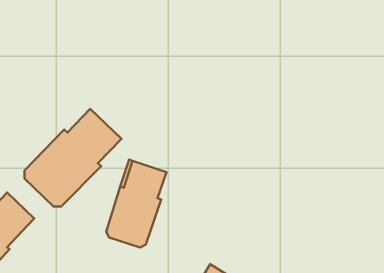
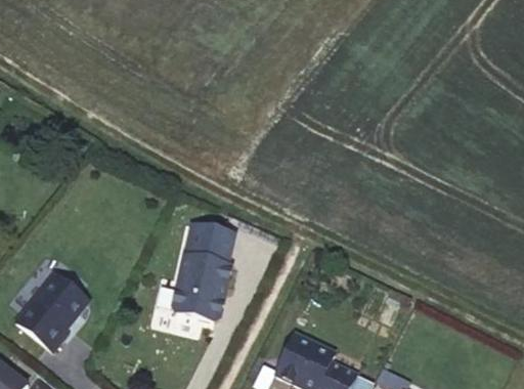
building: [25,109,122,207] -> none

